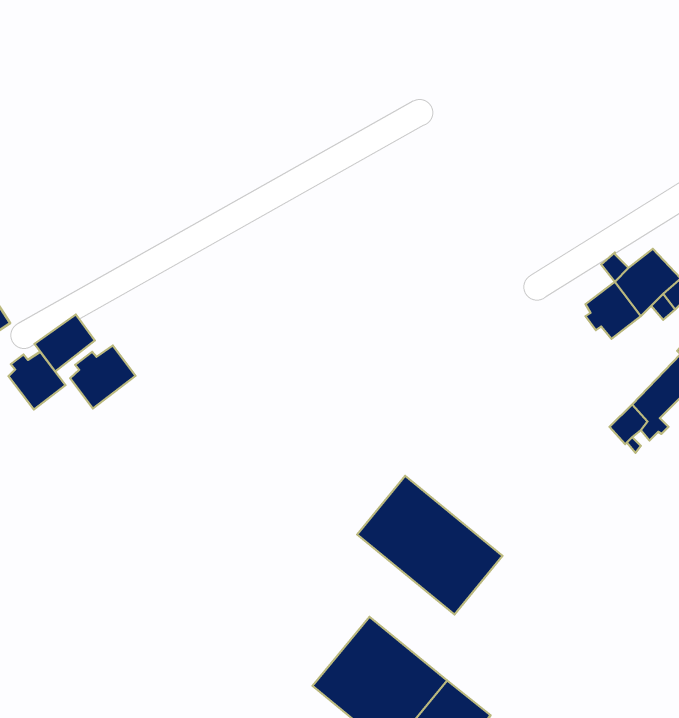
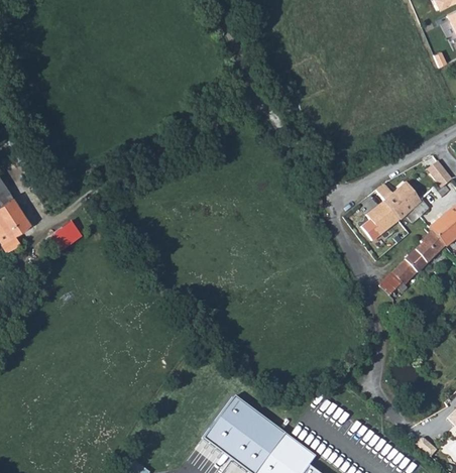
building: [70,346,135,408] -> none
building: [9,352,65,410] -> none
building: [357,476,503,614] -> none

